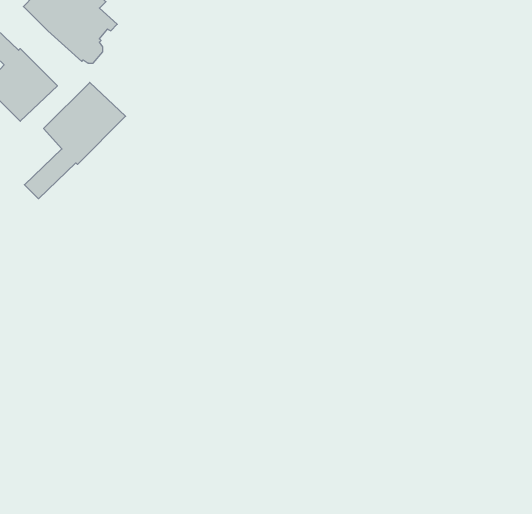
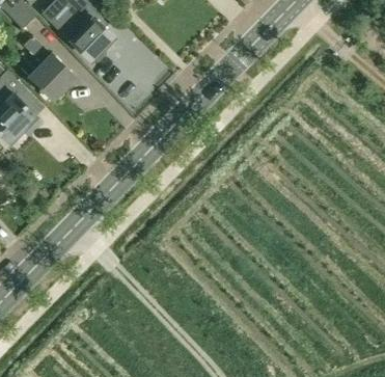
building: [24,82,126,199] -> none

